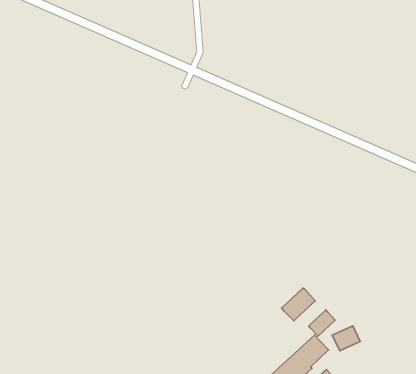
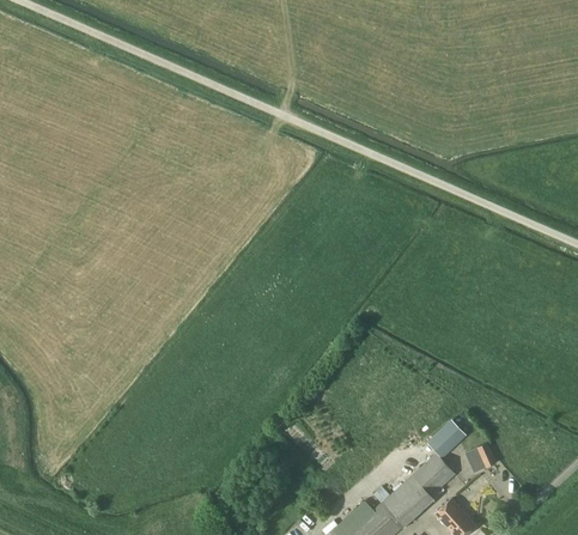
building: [281,288,315,321] -> none

